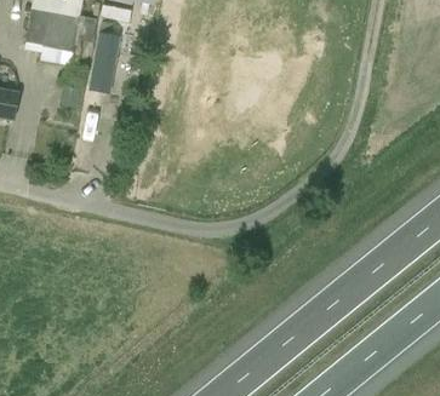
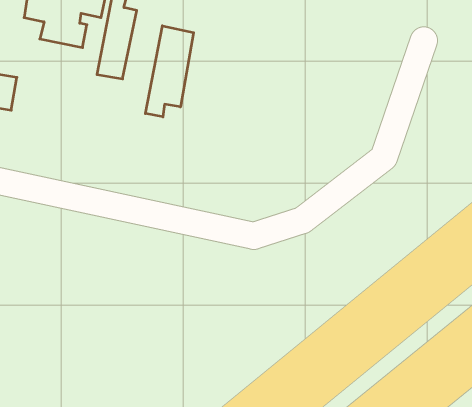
building: none -> [145,26,194,117]

